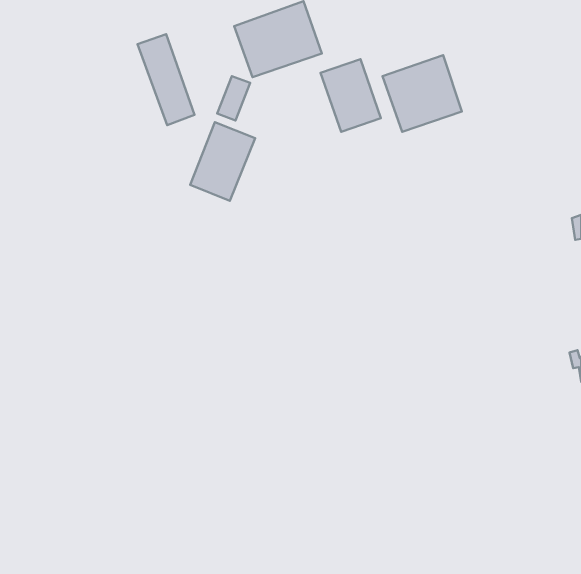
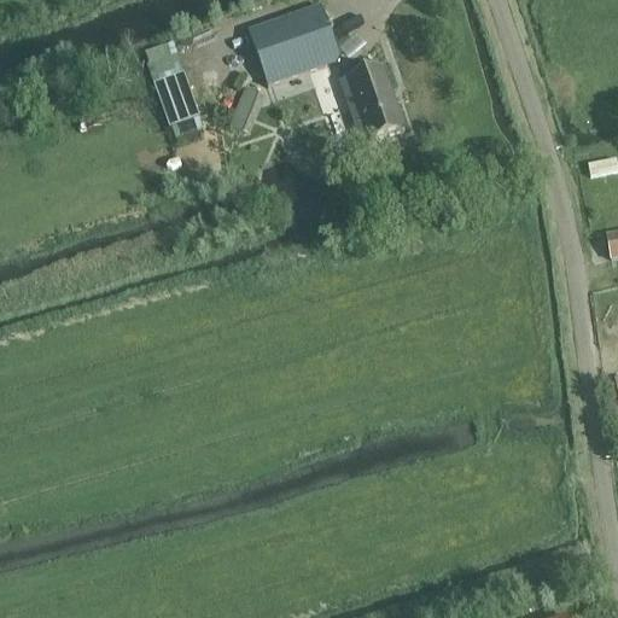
building: [383,55,462,132] -> none
building: [190,122,255,201] -> none

